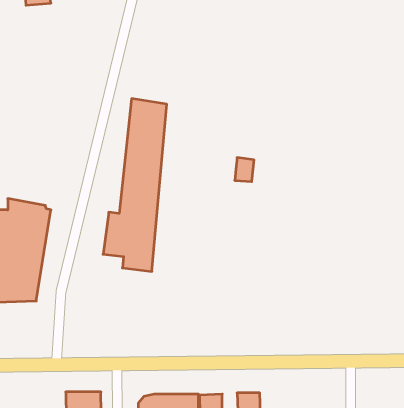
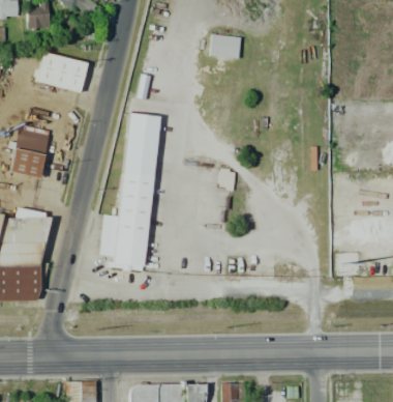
building: none -> [210,34,241,59]
building: none -> [35,50,89,93]
building: none -> [9,127,51,179]

